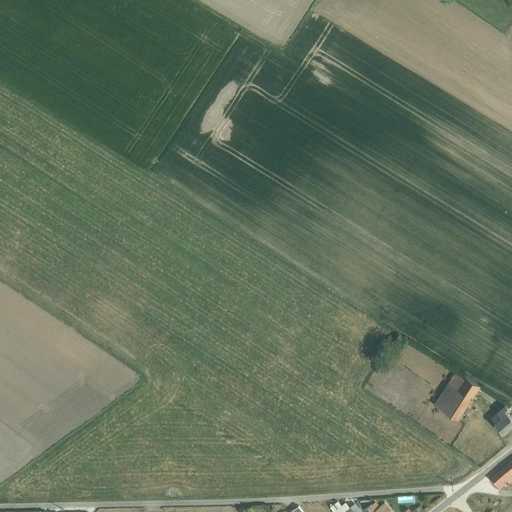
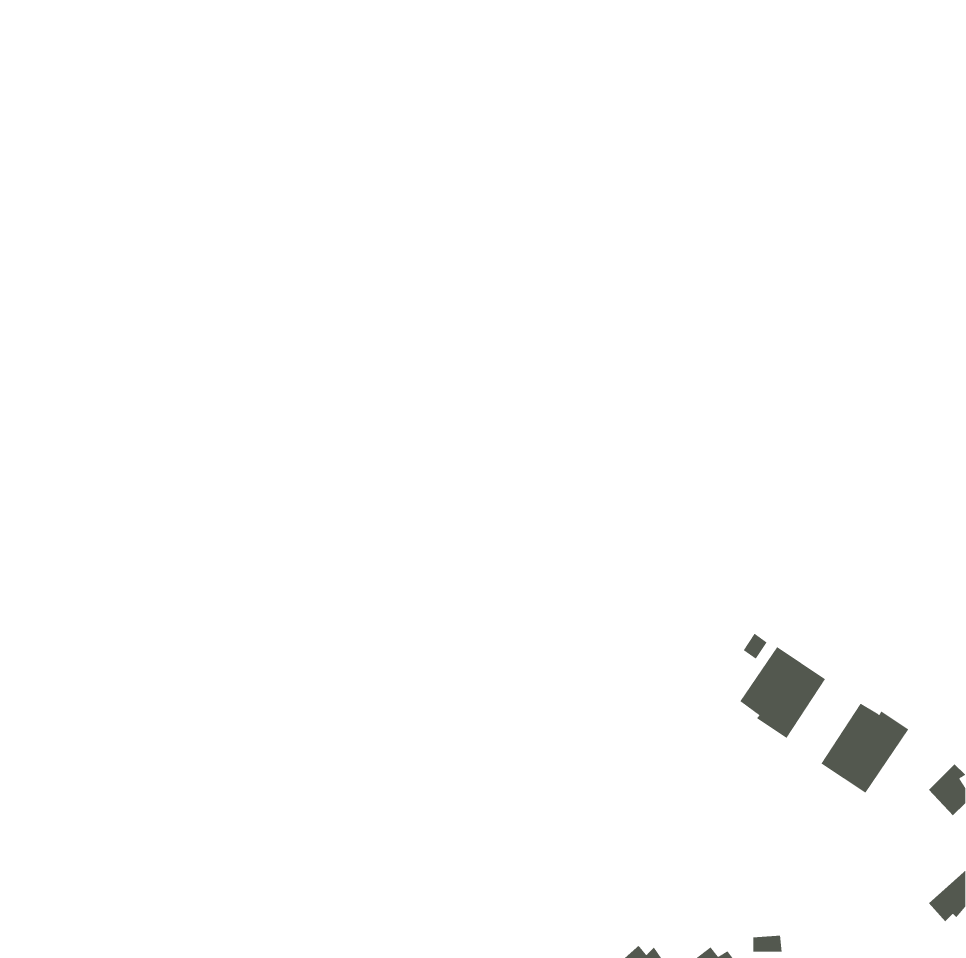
building: none -> [739,646,826,739]

